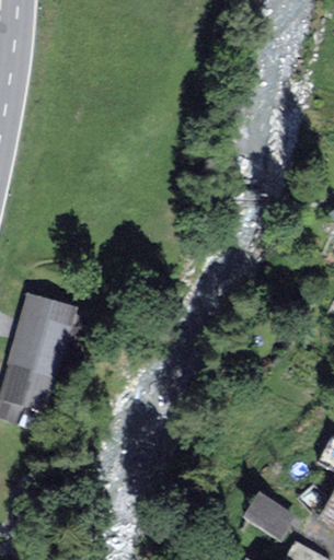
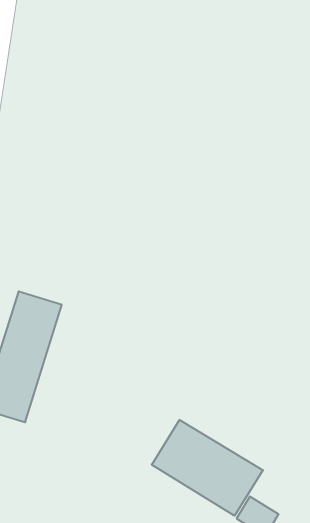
building: none -> [152,420,263,516]

